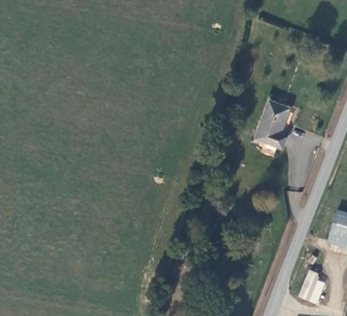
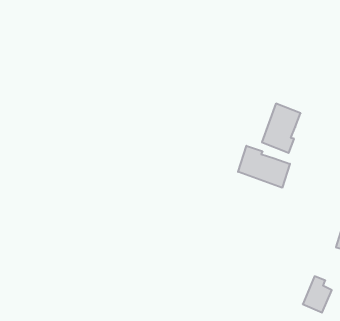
building: none -> [238,146,290,188]

